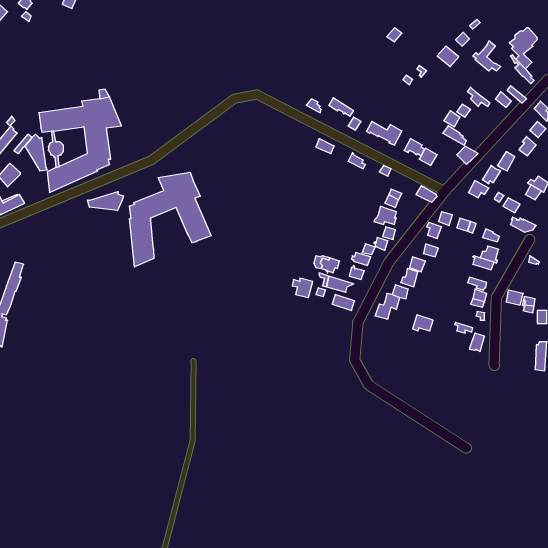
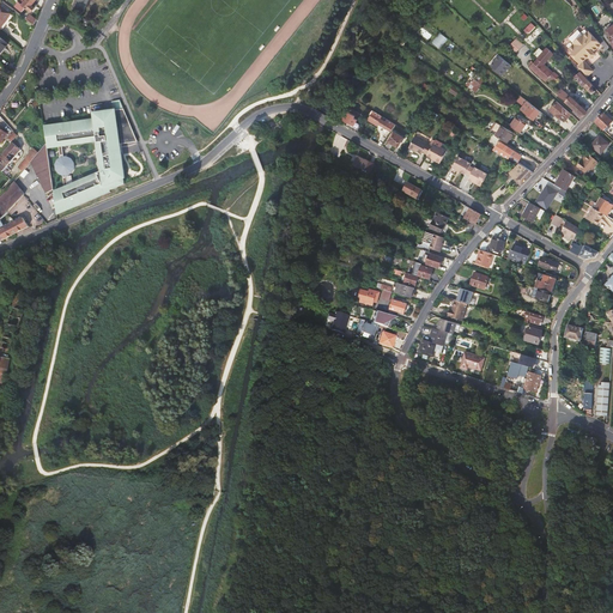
building: [129,172,211,267] -> none
building: [87,192,124,211] -> none

